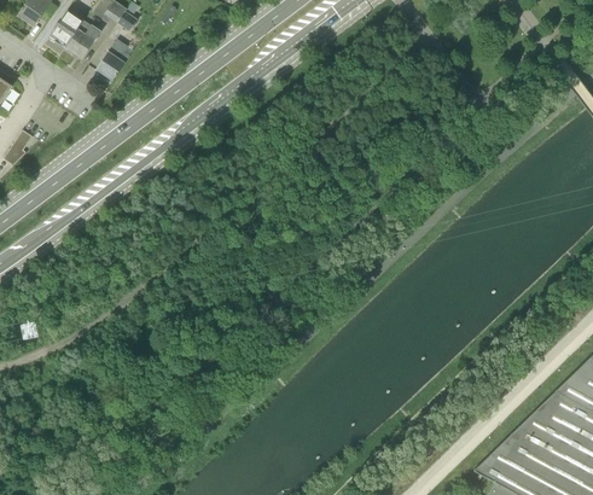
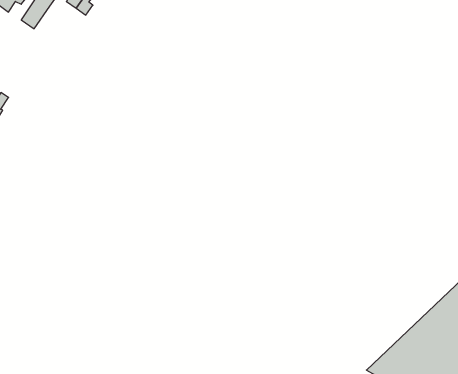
building: [66,21,103,60] -> none
building: [98,39,134,80] -> none

